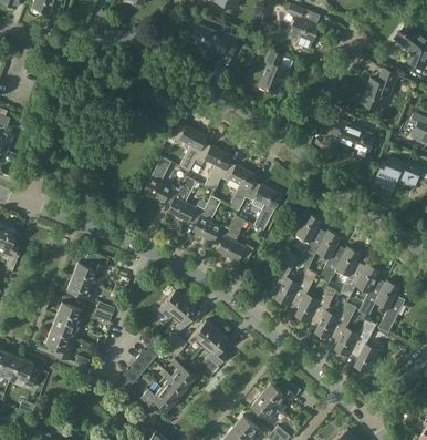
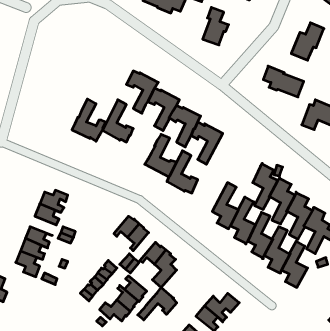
building: [168,176,207,225] -> [72,99,106,141]
building: [296,213,325,266] -> none
building: none -> [138,287,177,320]

